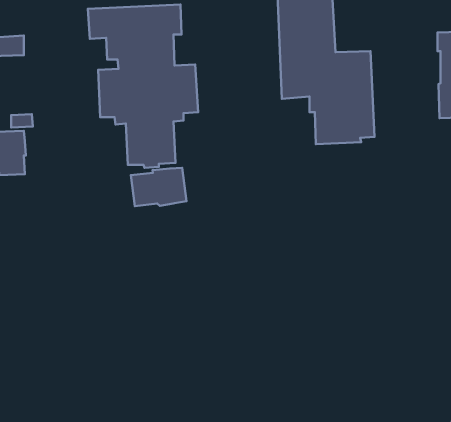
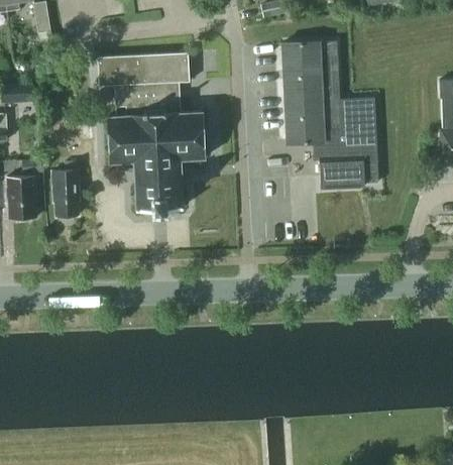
building: none -> [52,168,79,216]
building: [131,168,187,206] -> none

